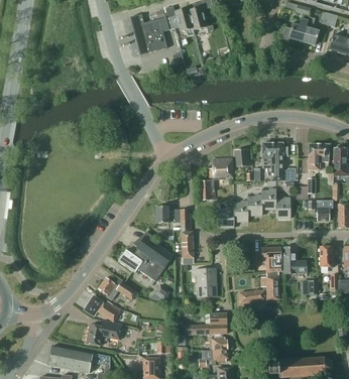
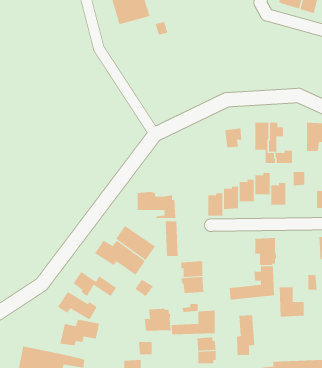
building: [199,158,232,201] -> none
building: [282,247,306,274] -> [279,287,305,317]
building: none -> [144,308,171,331]
building: none -> [237,314,255,356]

